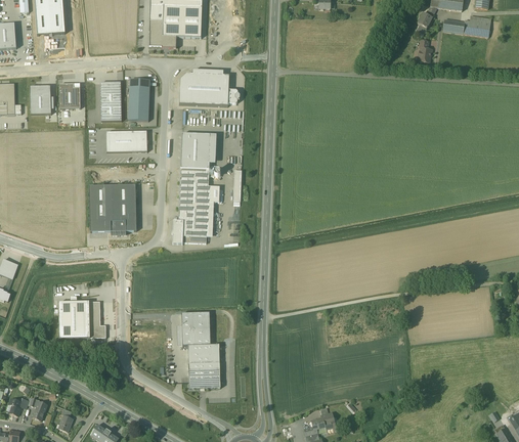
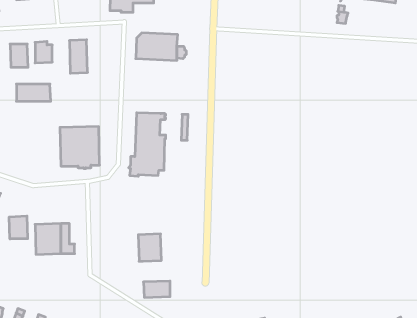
building: [128,79,150,121] -> none
building: [106,131,147,151] -> [16,84,51,101]
building: [180,132,211,169] -> none
building: none -> [9,216,28,239]
building: [187,344,220,369] -> none

